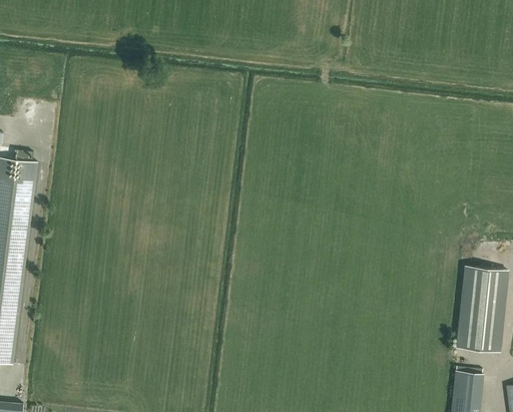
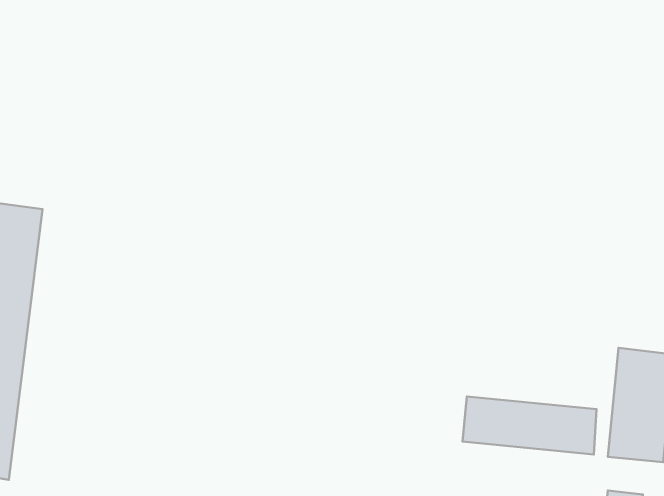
building: none -> [462,397,597,455]

